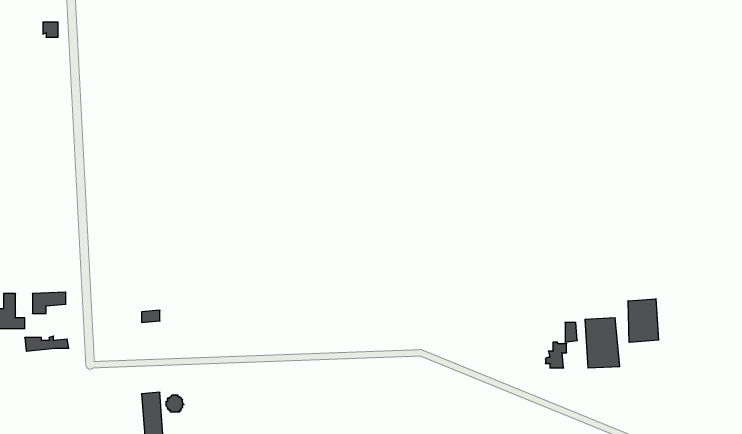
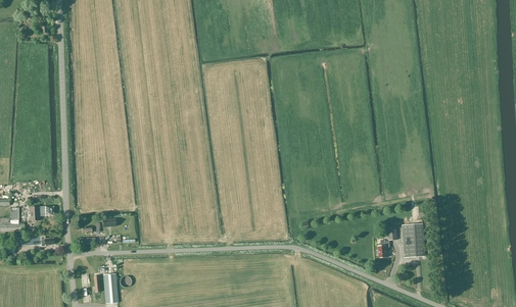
building: [628,299,658,342] -> none

